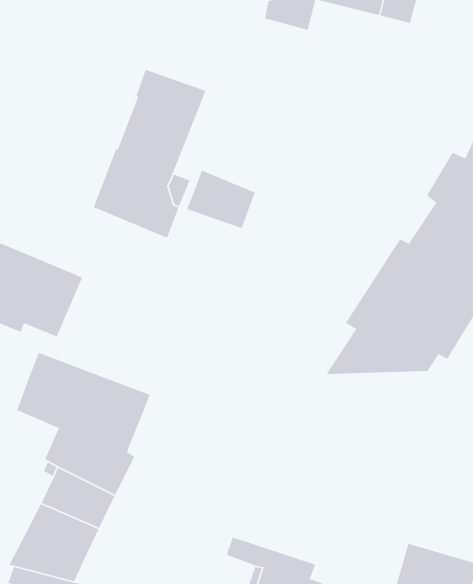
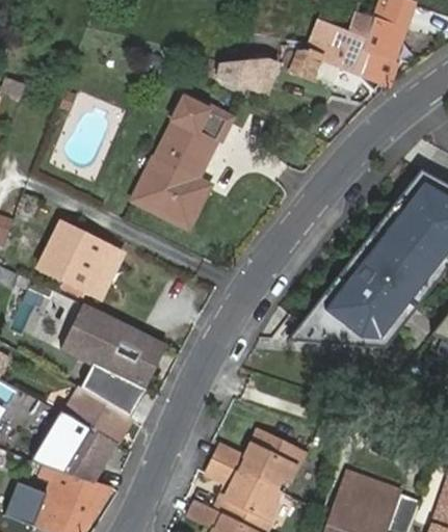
building: none -> [216,60,268,91]
building: [186,169,256,229] -> none
building: none -> [215,427,306,484]

